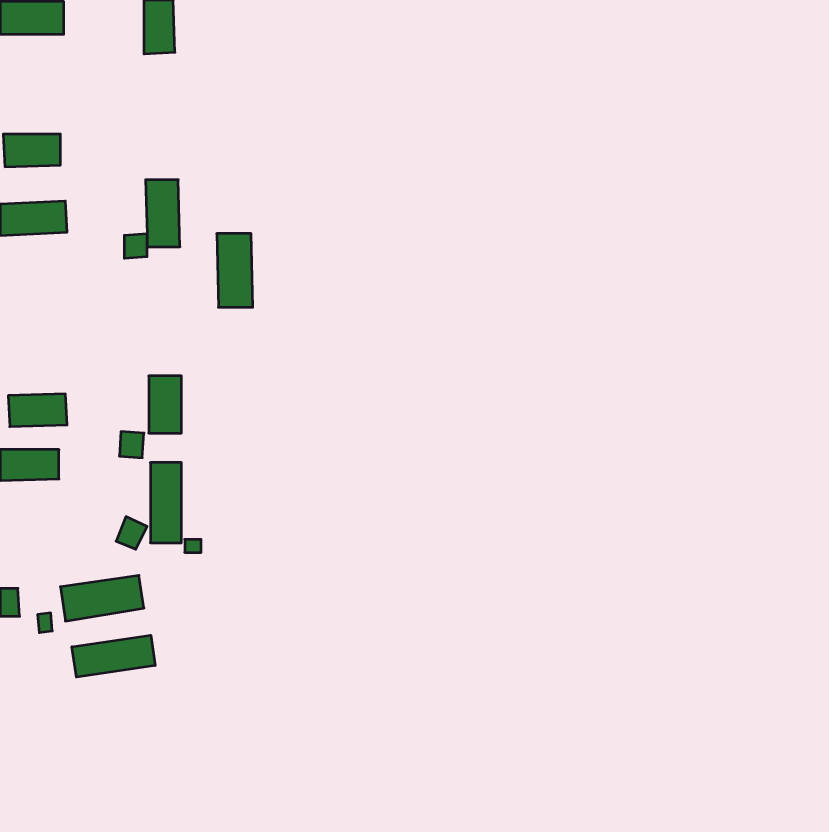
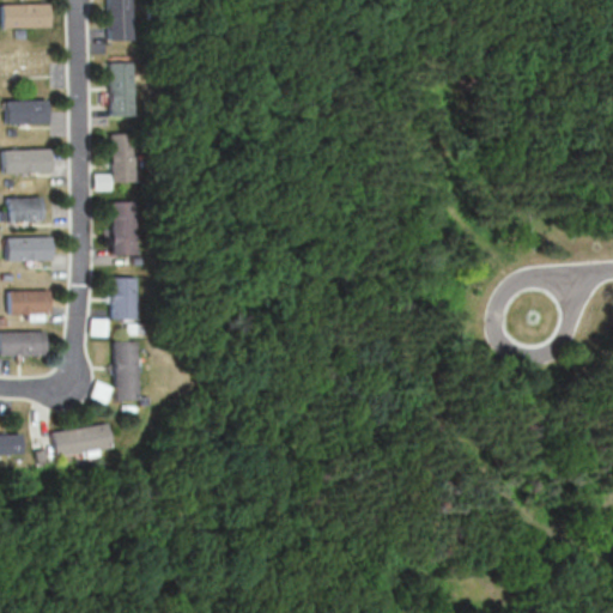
building: none -> [110,62,134,117]
building: [217,234,253,307] -> [111,201,138,255]
building: none -> [10,196,45,221]
building: none -> [10,237,54,262]
building: [72,635,155,677] -> none

